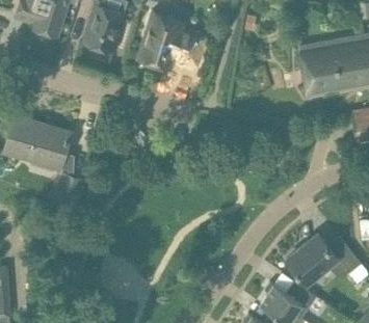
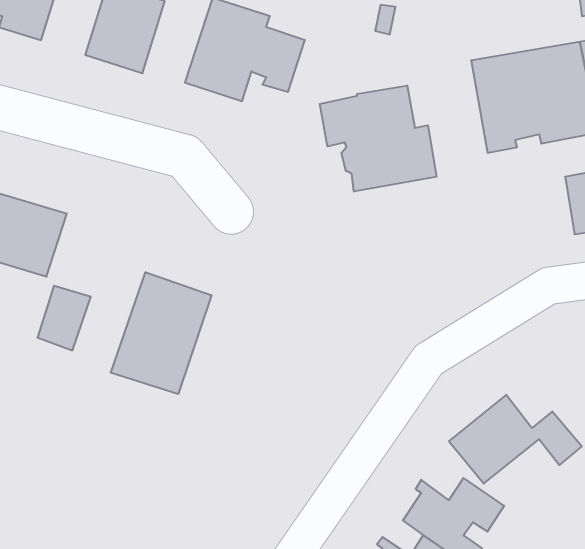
building: none -> [320,85,437,192]
building: none -> [111,272,212,394]

